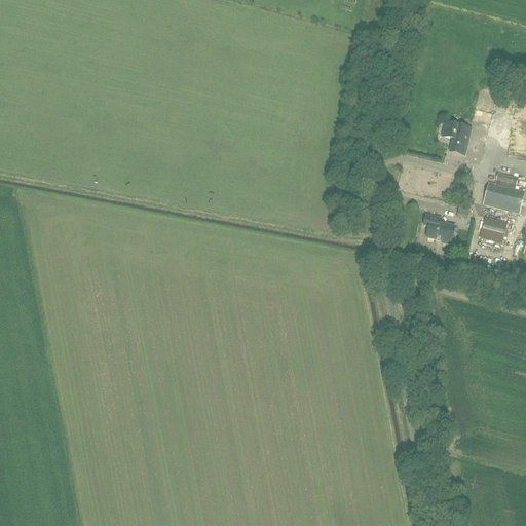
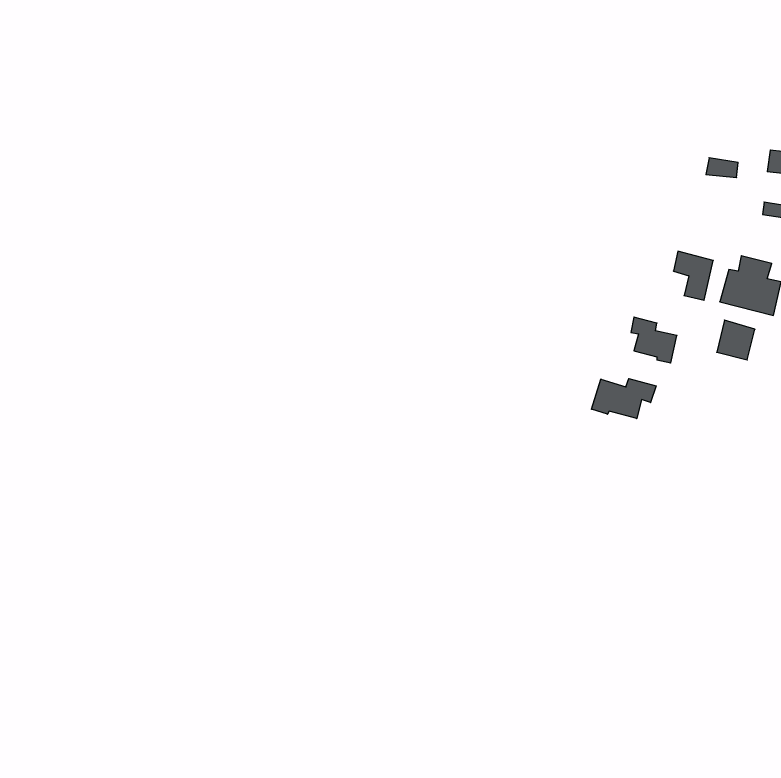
building: [443,120,469,153] -> [673,251,713,300]
building: none -> [591,379,656,419]

